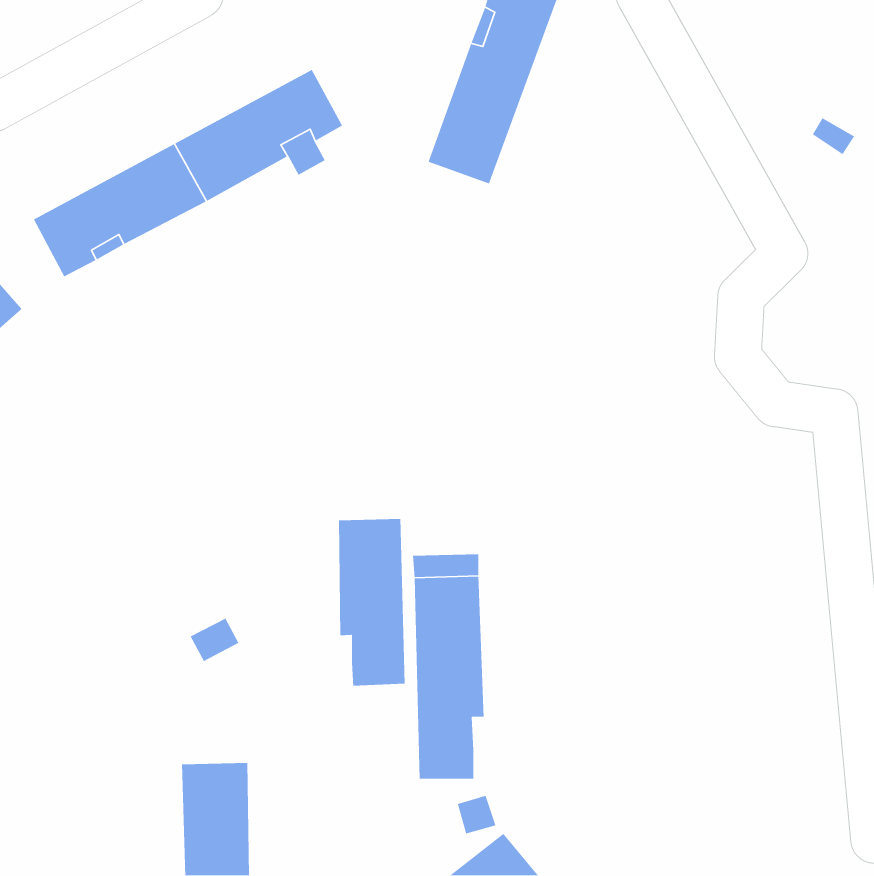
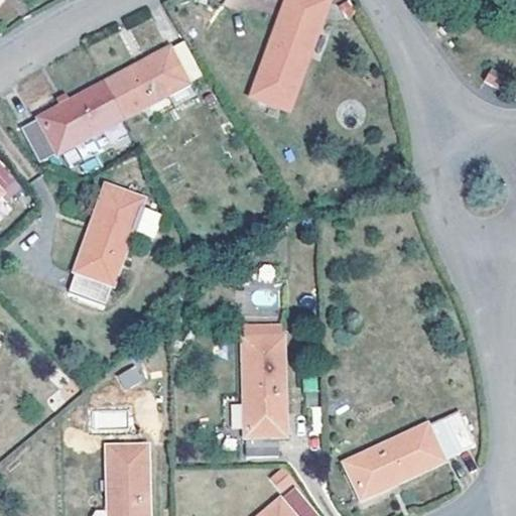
building: none -> [68,186,141,303]
building: [338,518,405,687] -> none
building: none -> [347,409,474,498]

